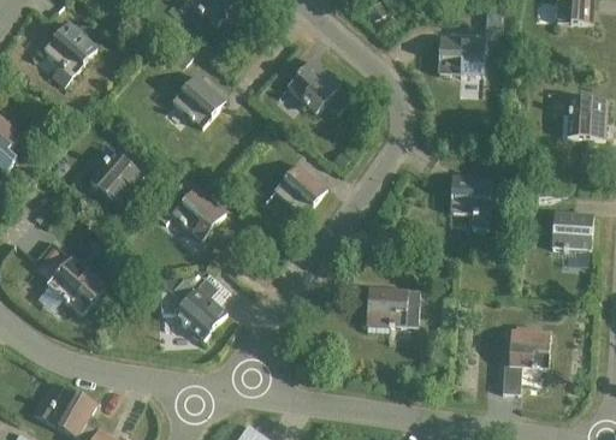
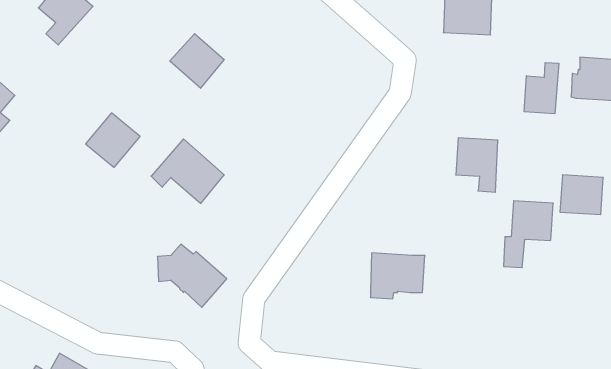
building: [286,58,340,112] -> none
building: none -> [524,63,559,114]
building: [274,162,327,215] -> none
building: [47,255,105,313] -> none
building: [502,328,550,393] -> [504,201,553,268]

